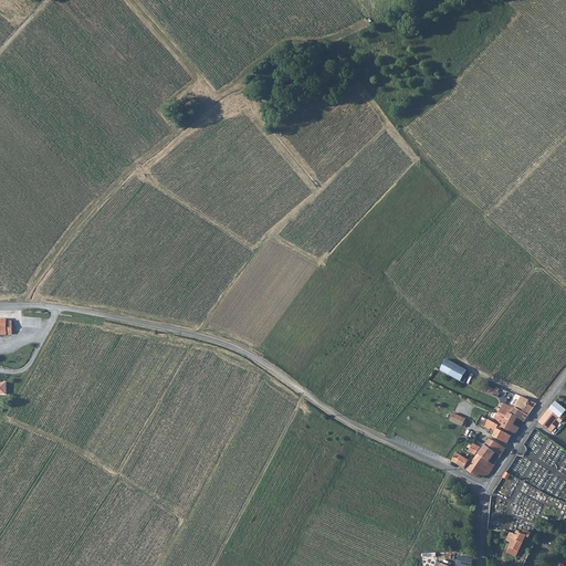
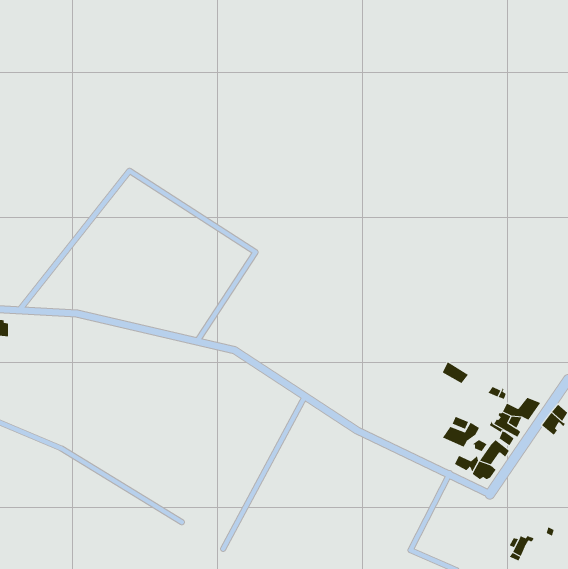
building: none -> [442,422,480,448]

